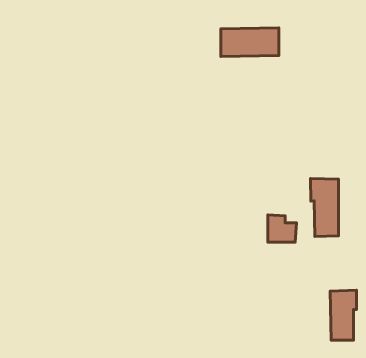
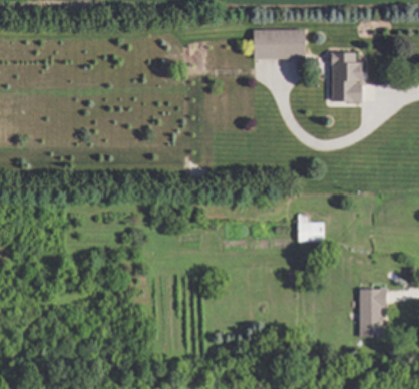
building: none -> [330,52,362,102]
building: [311,179,338,236] -> none

